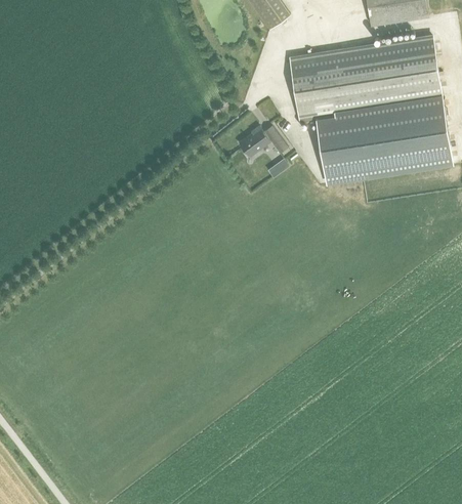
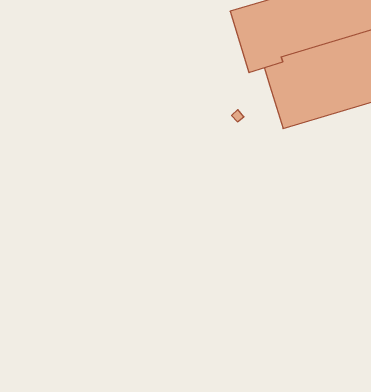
building: [238,121,286,151] -> none

